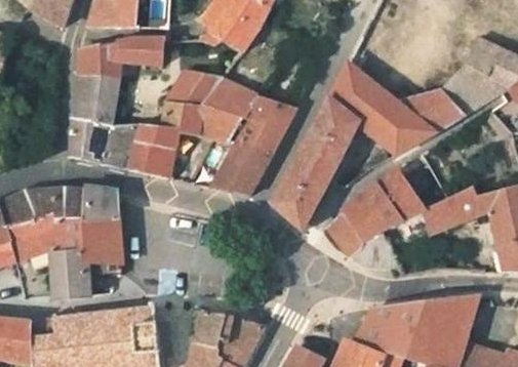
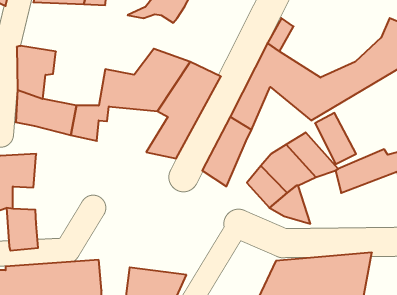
building: [75,39,166,78] -> none
building: [168,64,222,104] -> none
building: [67,191,130,268] -> none

